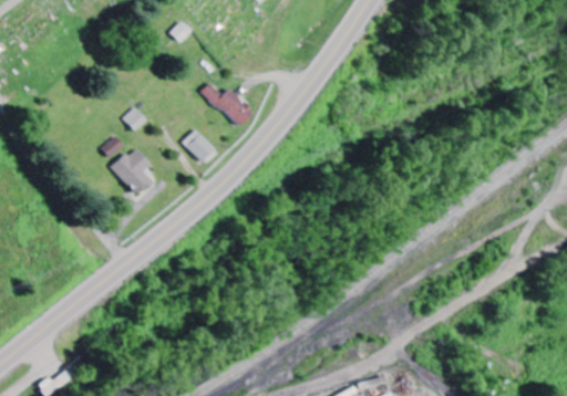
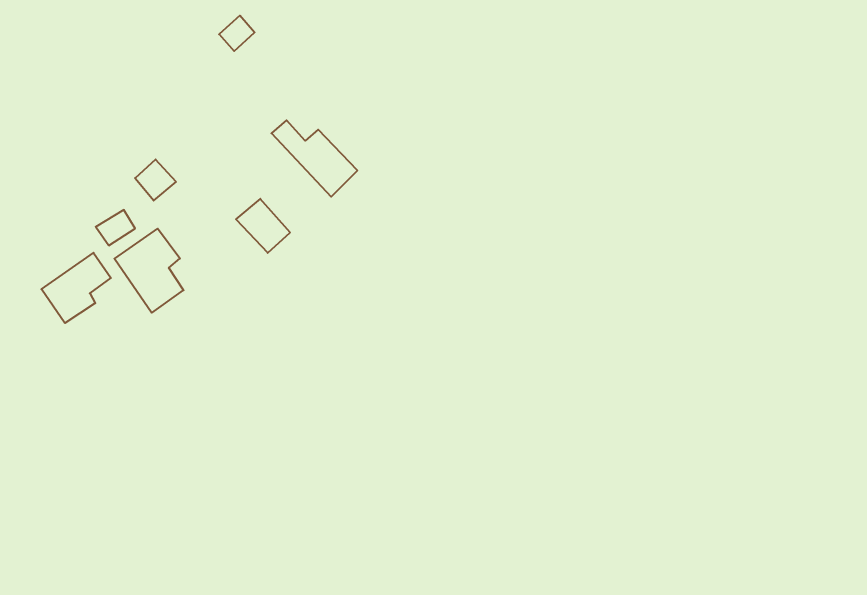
building: none -> [41,253,111,323]

